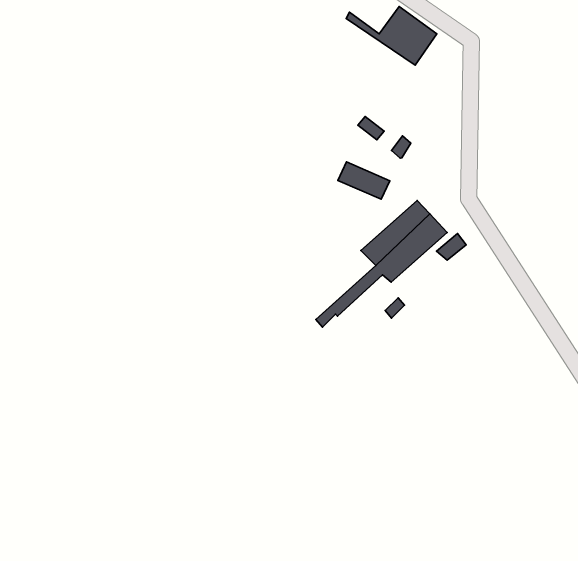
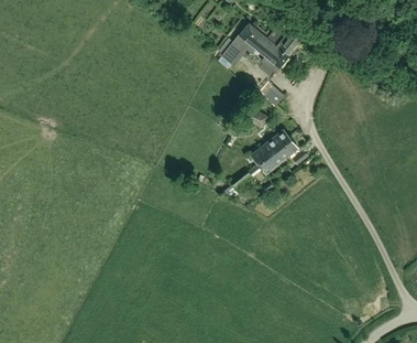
building: none -> [221,23,286,72]

